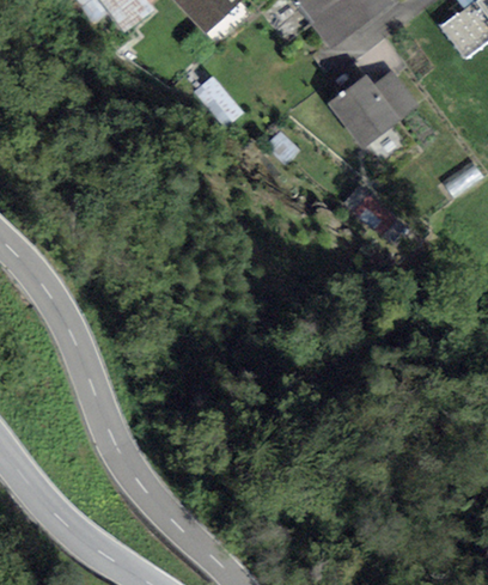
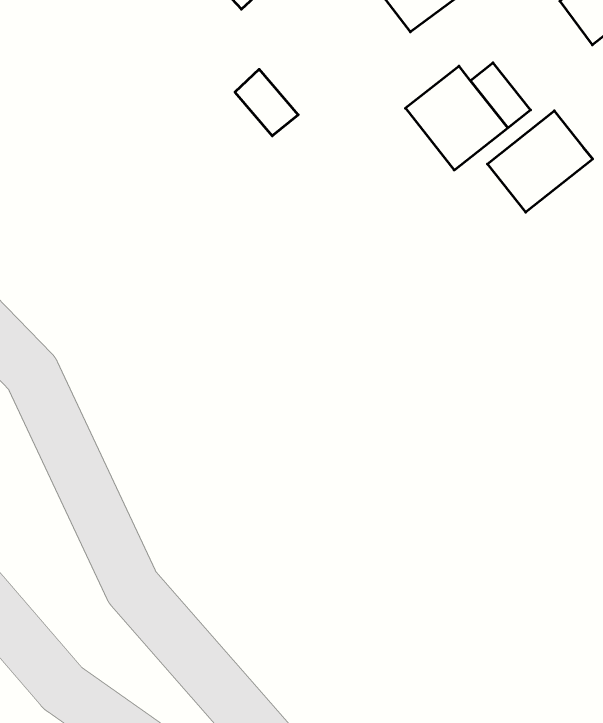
building: none -> [487,111,593,212]

